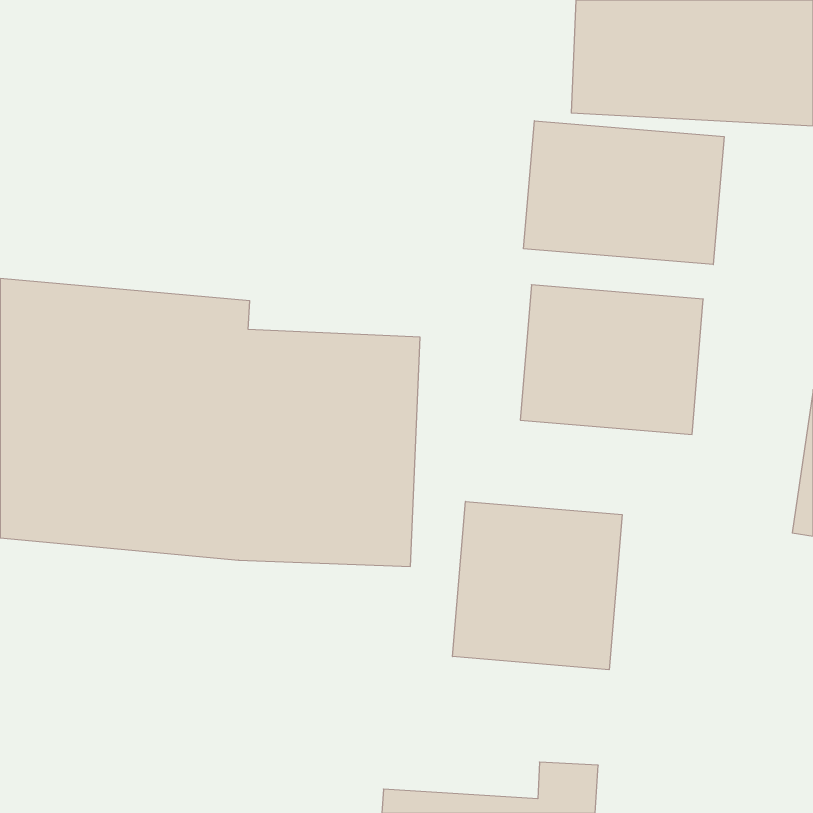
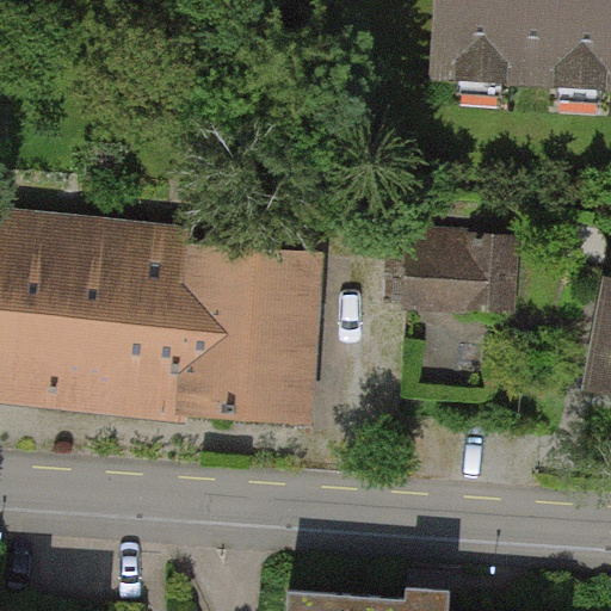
building: [524,121,724,265] -> none
building: [453,501,622,670] -> none

